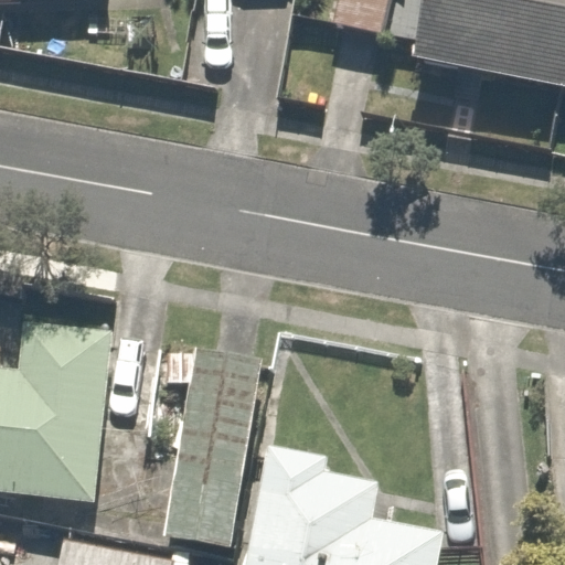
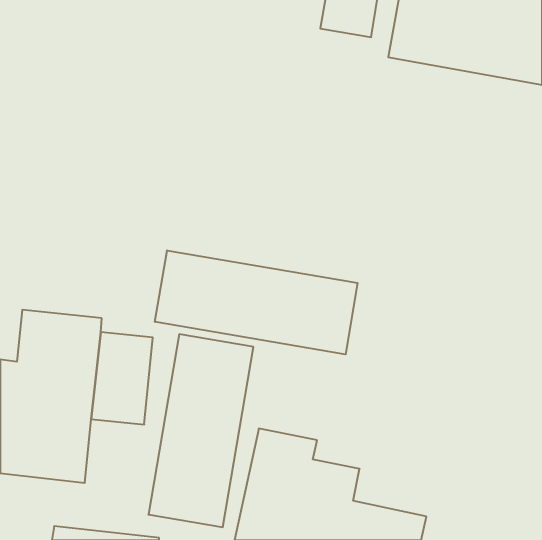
building: none -> [155,250,358,354]

